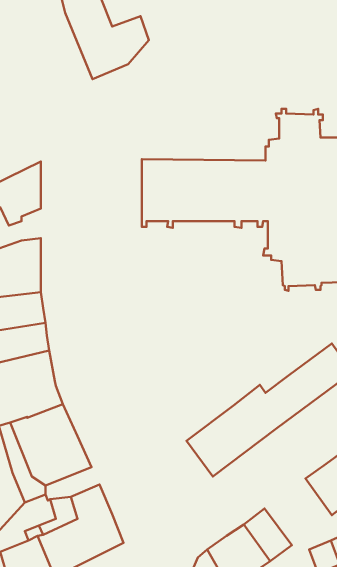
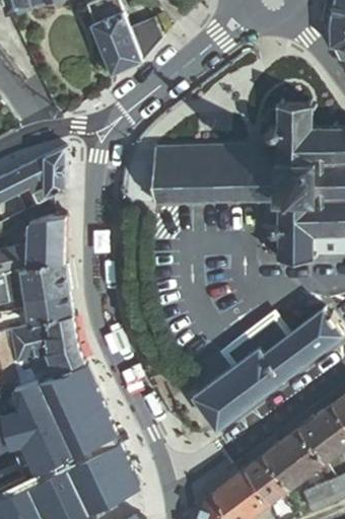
building: none -> [227,319,285,364]
building: none -> [264,429,324,488]

